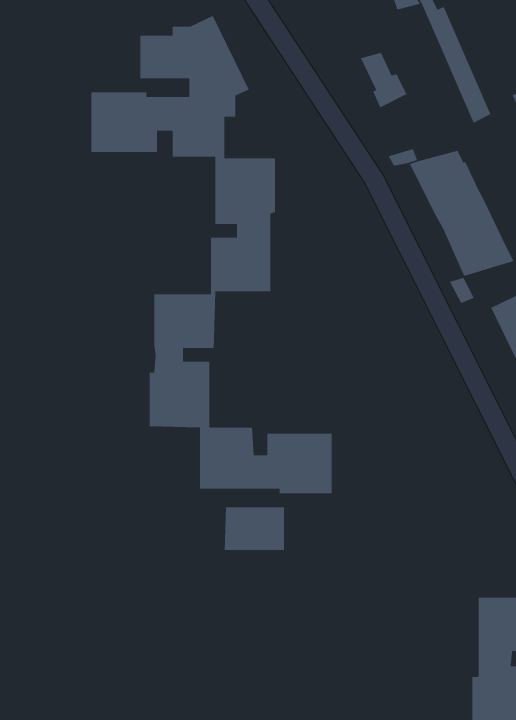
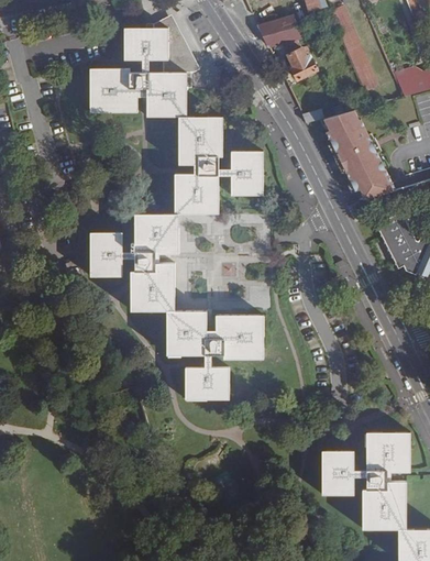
building: none -> [257,16,302,47]
building: none -> [231,152,263,196]
building: none -> [90,232,122,277]
building: none -> [321,450,354,495]

